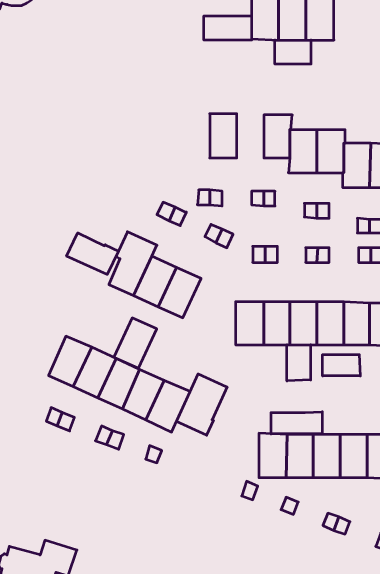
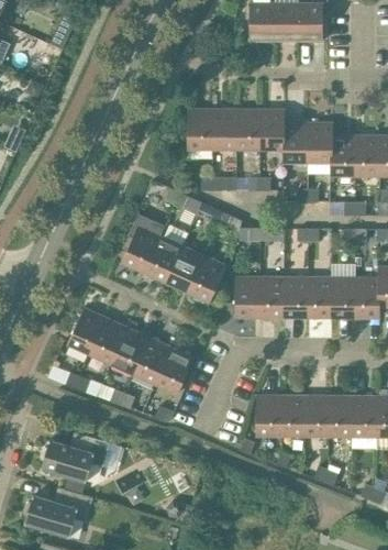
building: [204,16,252,40] -> none
building: [275,40,311,64] -> none
building: none -> [187,109,211,148]
building: none -> [235,109,259,148]
building: [67,233,119,274] -> none
building: [114,318,157,368] -> [187,256,225,301]
building: [287,345,311,381] -> none
building: [323,355,360,376] -> none
building: [176,374,227,435] -> none
building: [271,412,322,434] -> none
building: none -> [38,435,109,482]

